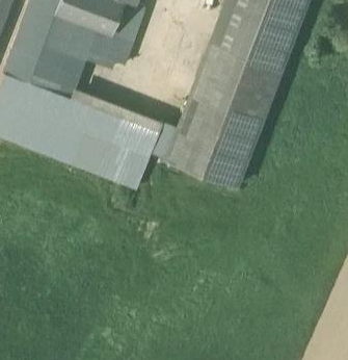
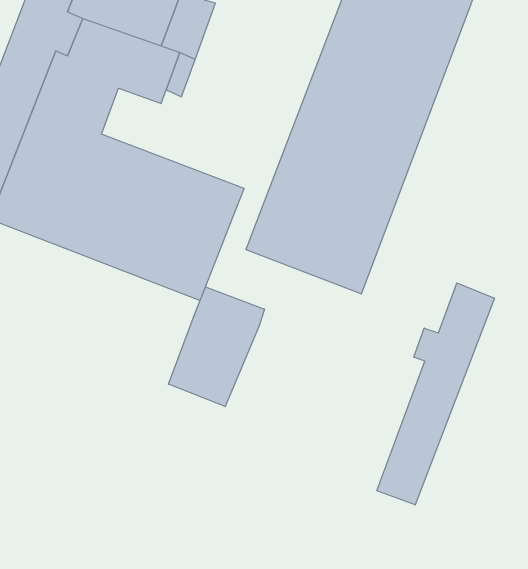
building: none -> [377,283,494,505]
building: none -> [168,287,265,407]

